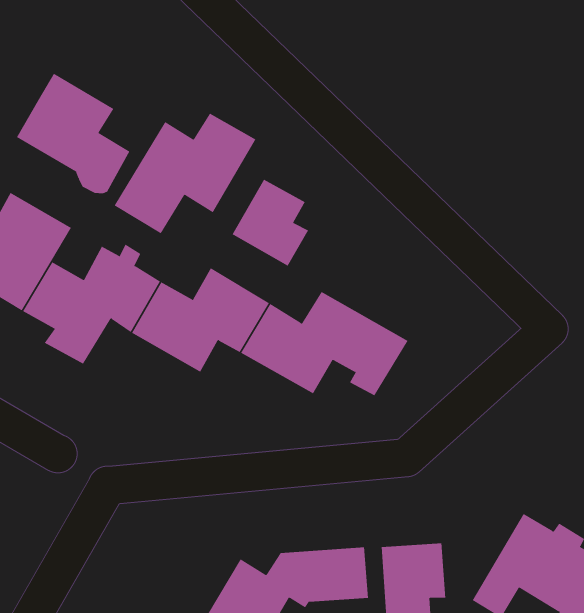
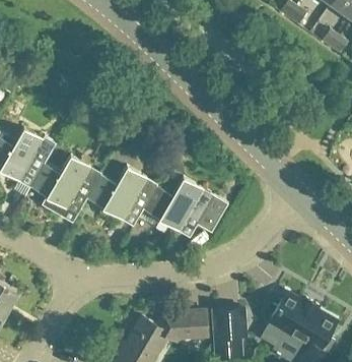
building: [16,73,130,194] -> none
building: [114,113,256,234] -> none
building: [232,179,309,266] -> none

